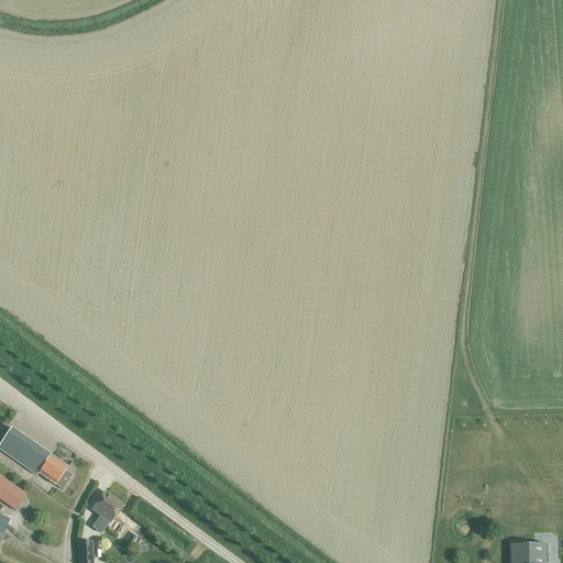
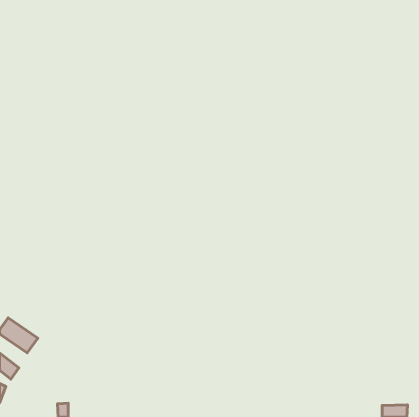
building: [36,453,71,487] -> none
building: [92,490,121,531] -> none

